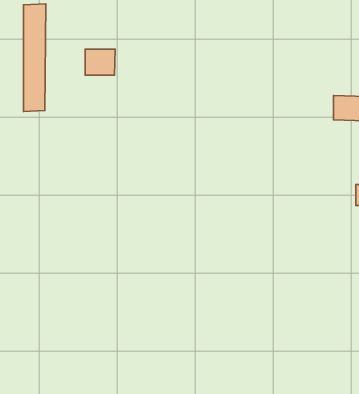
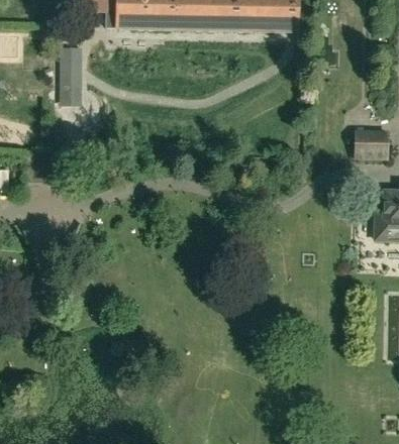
building: [85,49,115,75] -> none

